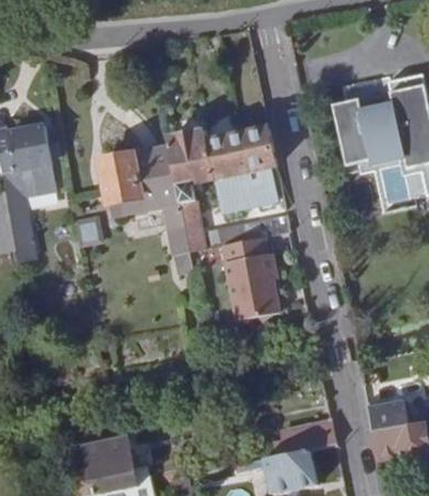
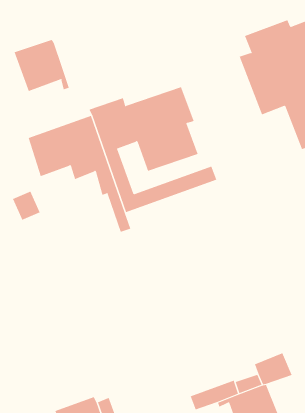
building: none -> [14,39,69,92]
building: [229,253,281,315] -> none

